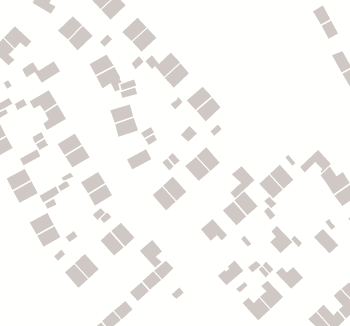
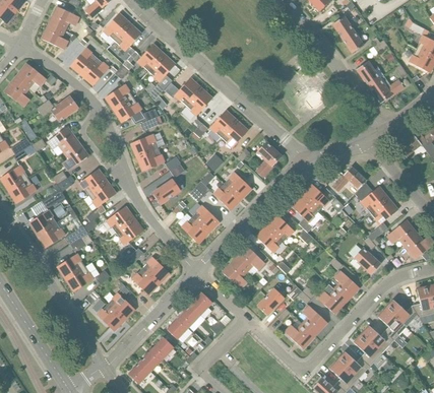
building: [229,165,255,199] -> [256,141,282,177]
building: [270,225,293,254] -> [334,270,359,300]
building: [139,239,163,268] -> [222,258,247,288]

